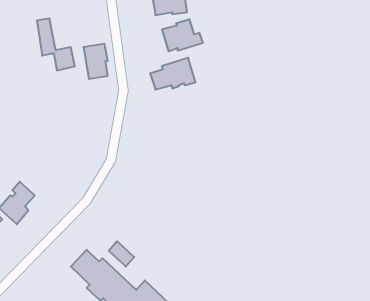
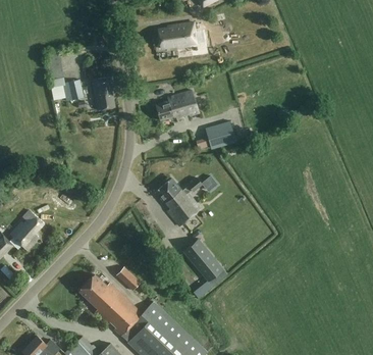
building: [162,19,203,51] -> none
building: none -> [205,120,236,149]
building: none -> [156,176,203,225]
building: none -> [184,238,225,281]

